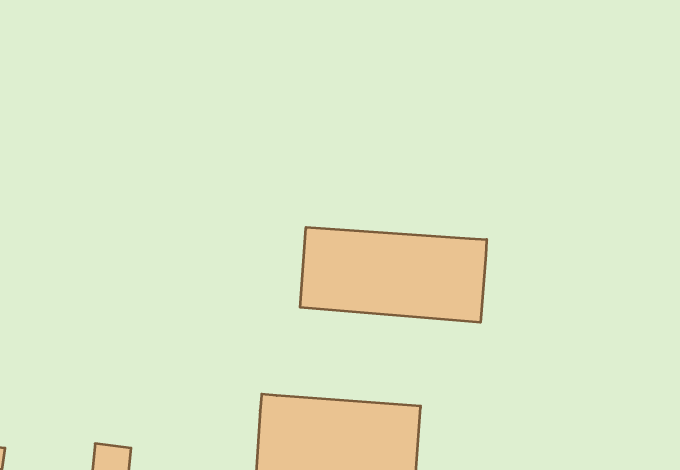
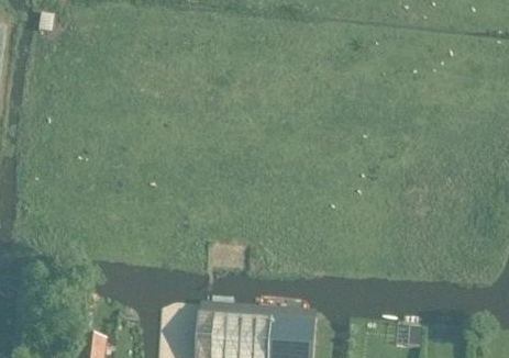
building: [300,227,487,322] -> none

